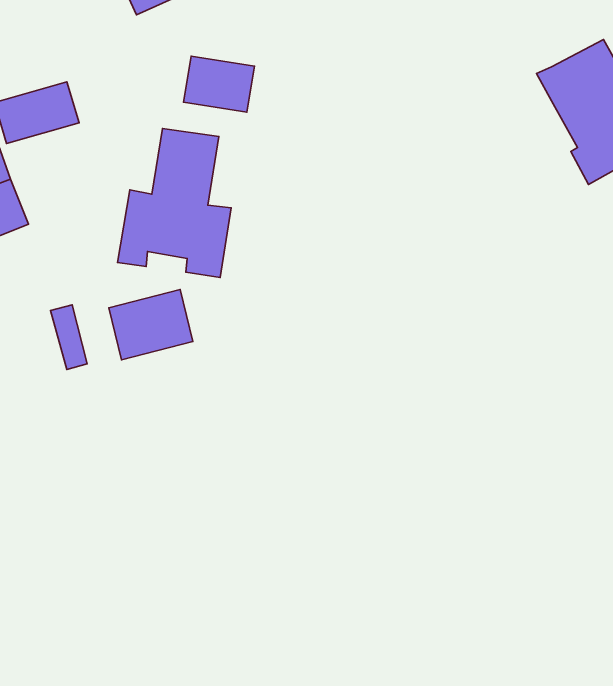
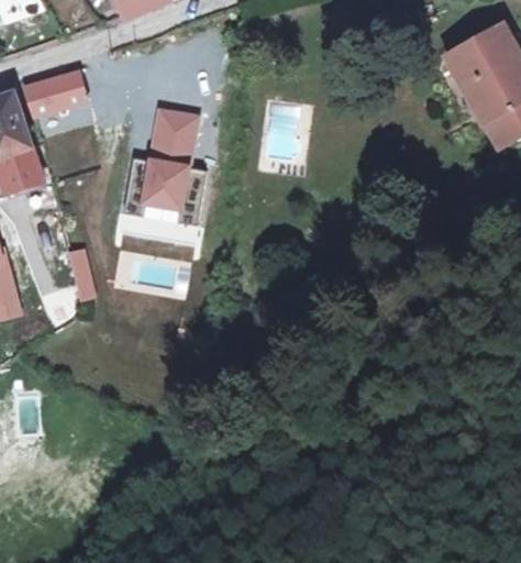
building: [184,56,254,112] -> none
building: [109,289,193,360] -> none

